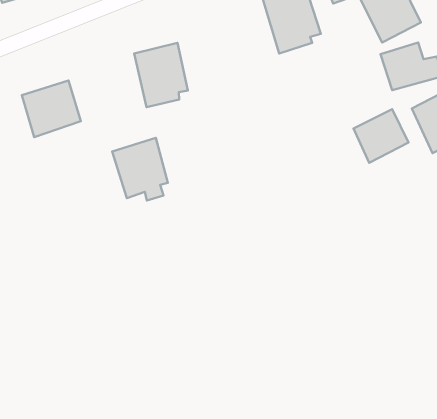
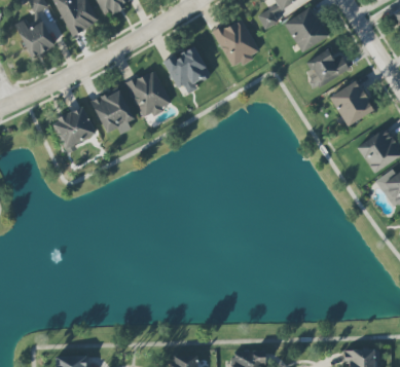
building: none -> [163,44,211,94]
building: [353,109,409,163] -> none
building: [112,138,168,201] -> [92,88,134,134]

